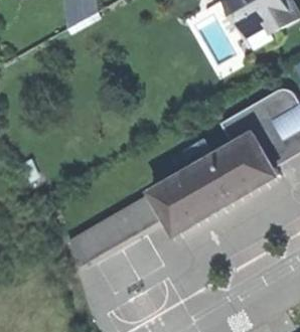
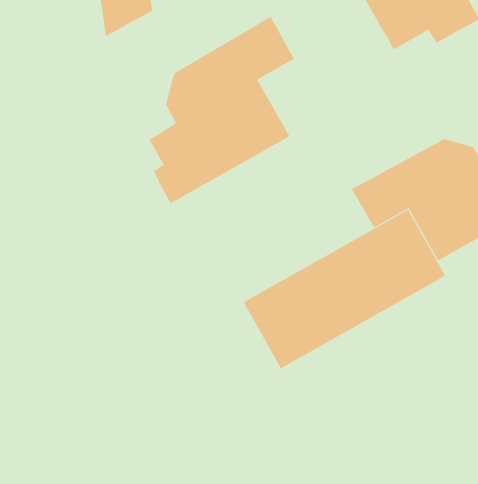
building: none -> [149,16,295,204]
building: [67,191,166,264] -> none

